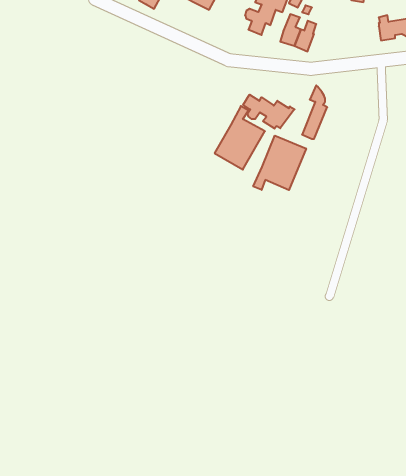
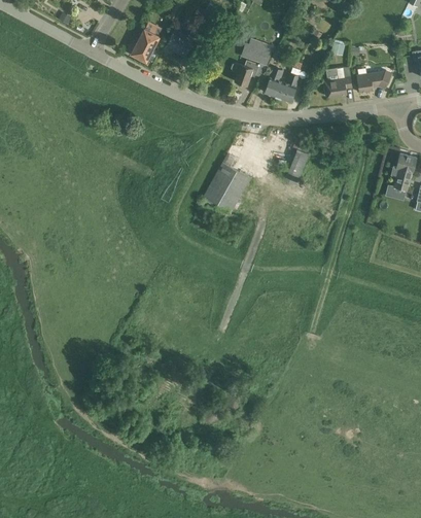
building: none -> [323,67,351,97]
building: [243,95,295,129] -> none
building: [253,136,306,190] -> none

